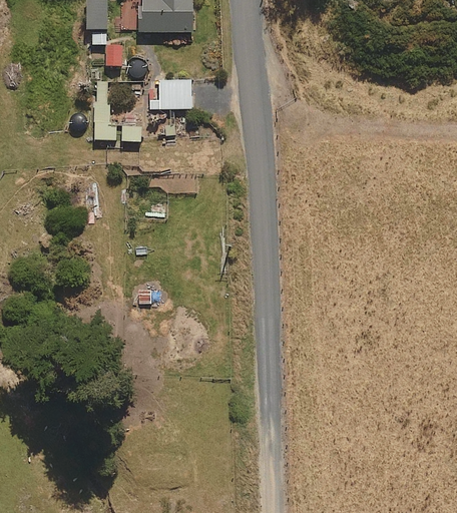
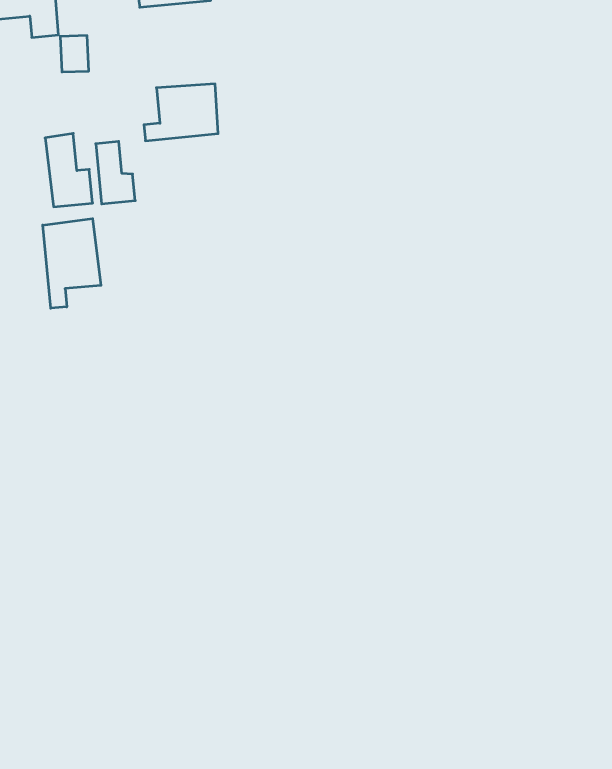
building: none -> [43,219,101,308]

